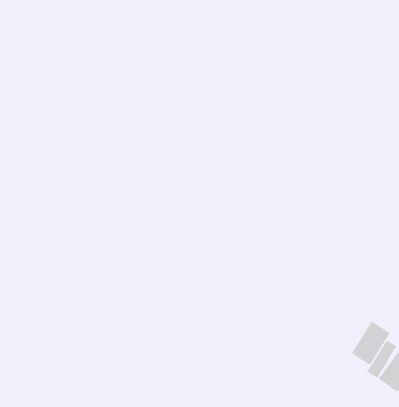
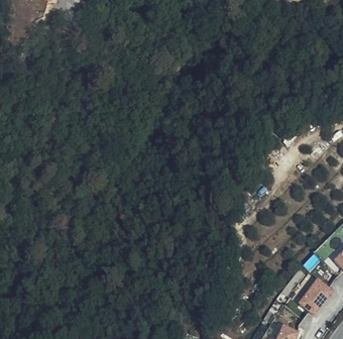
building: [351,320,391,366] -> none

